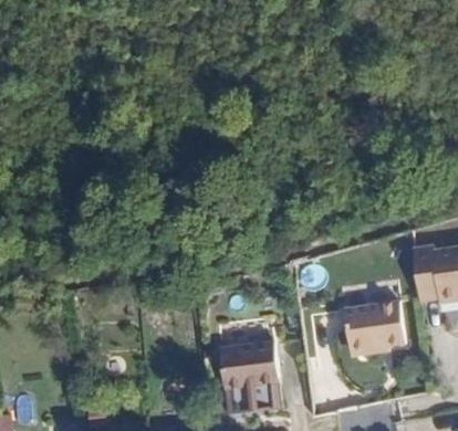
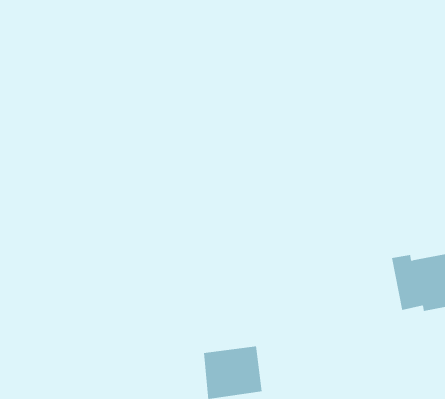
building: [337,299,400,355] -> none

